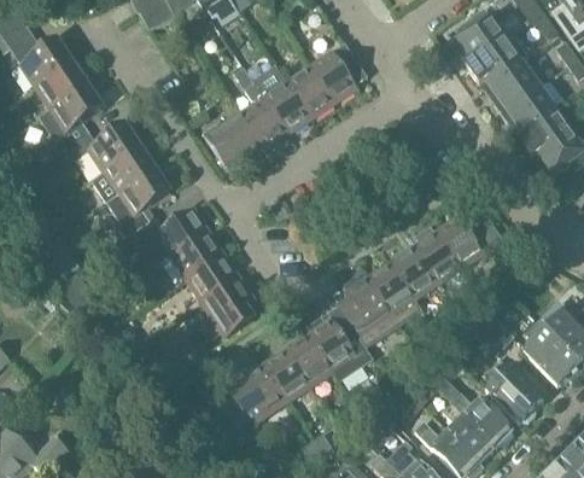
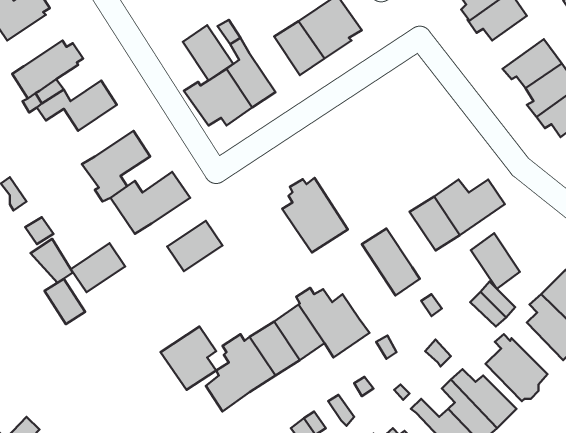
building: [36,58,88,109] -> none
building: [490,62,538,111] -> none
building: [263,81,310,133] -> [183,25,233,80]
building: [92,145,154,200] -> none
building: [171,232,222,278] -> [71,243,125,292]
building: [391,245,437,297] -> [471,233,520,289]
building: [338,275,399,345] -> [282,178,348,253]
building: [202,276,253,336] -> [161,327,216,390]
building: none -> [44,279,85,324]

